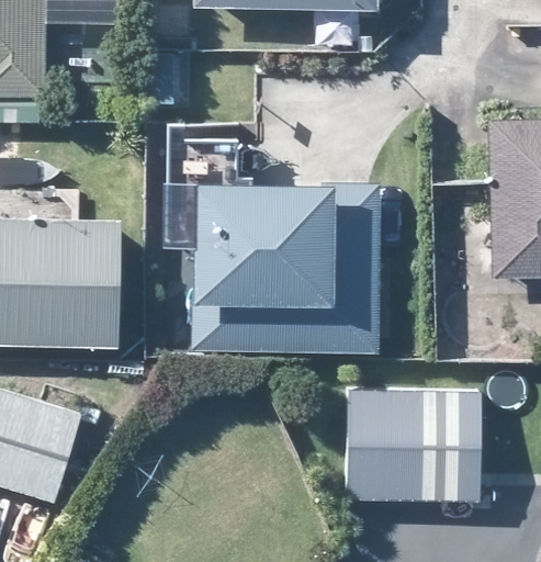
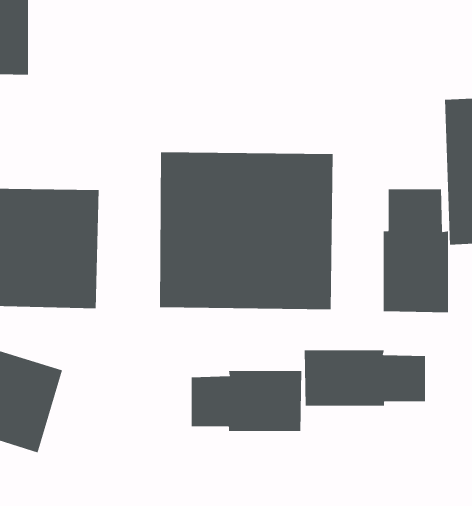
building: none -> [383,189,449,313]
building: none -> [191,370,302,432]

